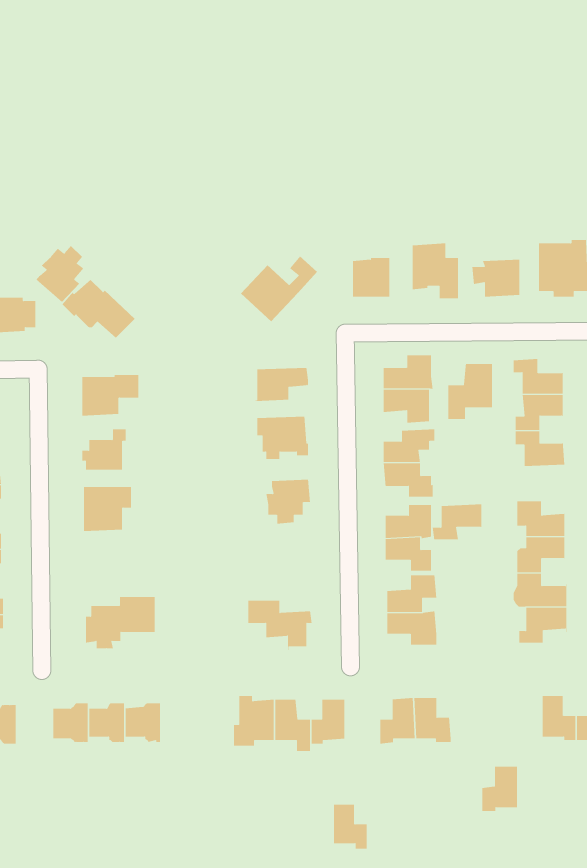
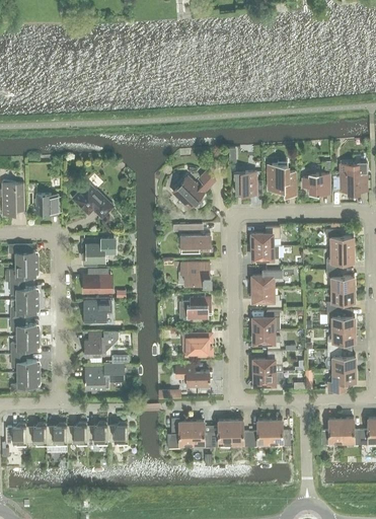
building: [36,245,84,303] -> none
building: [448,363,493,420] -> none
building: [432,504,482,540] -> [326,289,355,309]
building: none -> [84,331,119,357]
building: none -> [181,333,212,357]
building: none -> [47,423,67,446]
building: [482,766,518,811] -> [321,419,342,444]
building: [333,804,368,849] -> [231,421,250,446]

